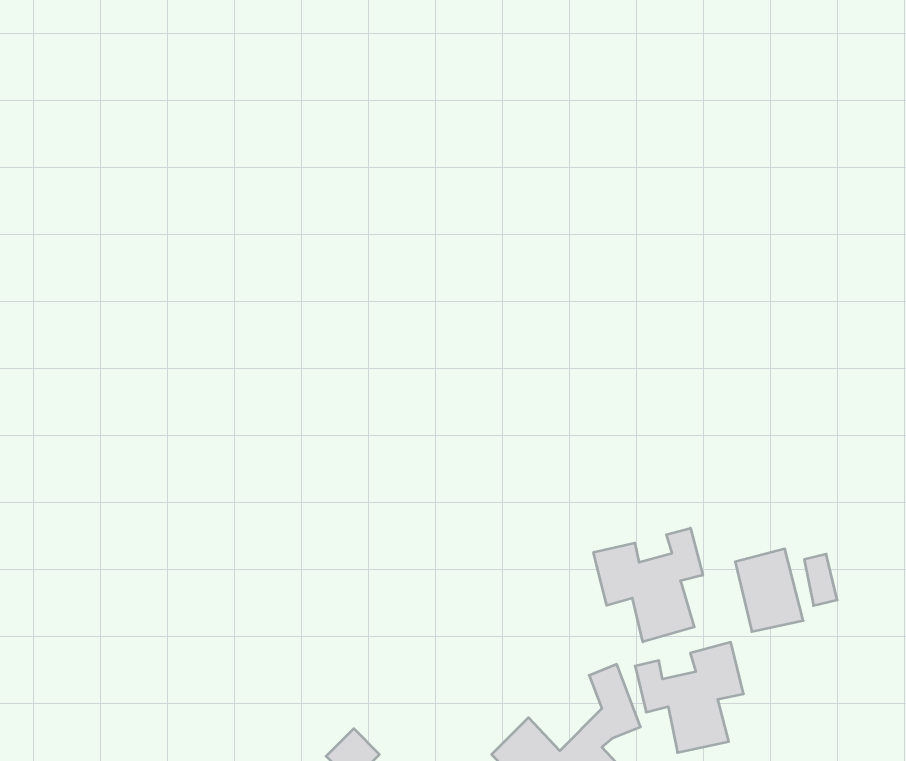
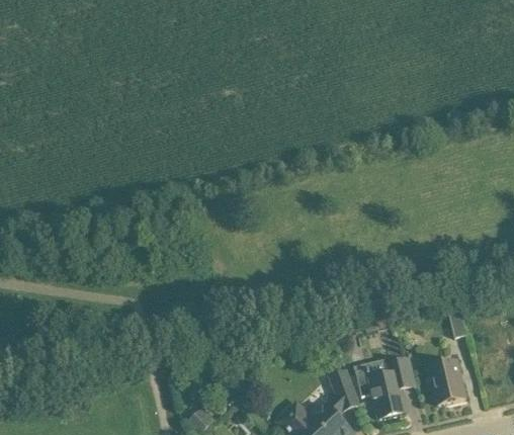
building: [594,528,703,642] -> none
building: [735,549,803,632] -> [428,358,465,404]

